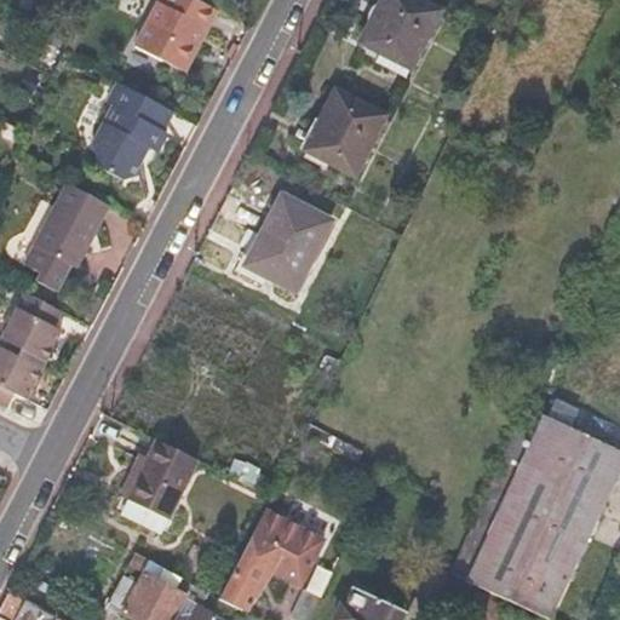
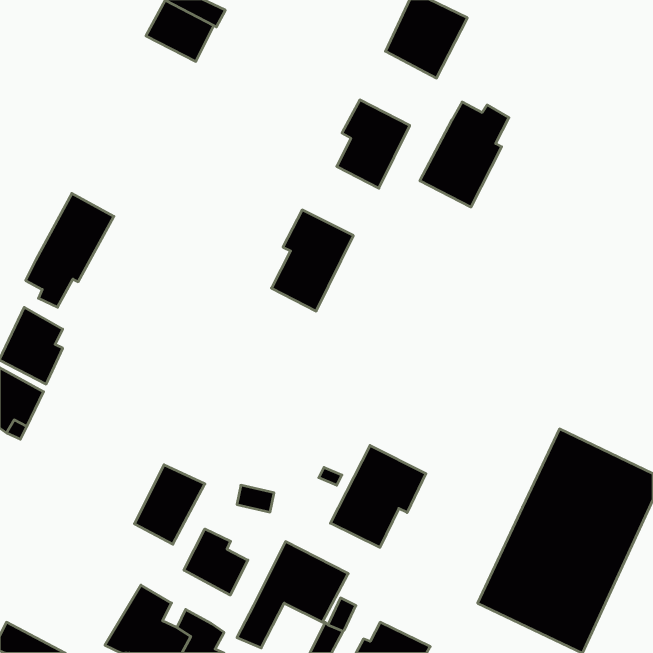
building: [88,85,173,182] -> none
building: none -> [420,102,509,207]
building: none -> [330,445,426,547]
building: none -> [184,529,248,595]

